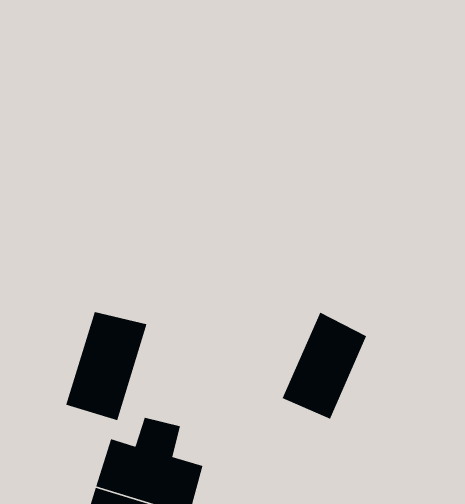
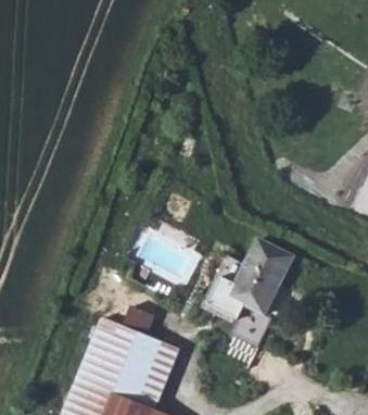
building: [65,311,148,421] -> none

